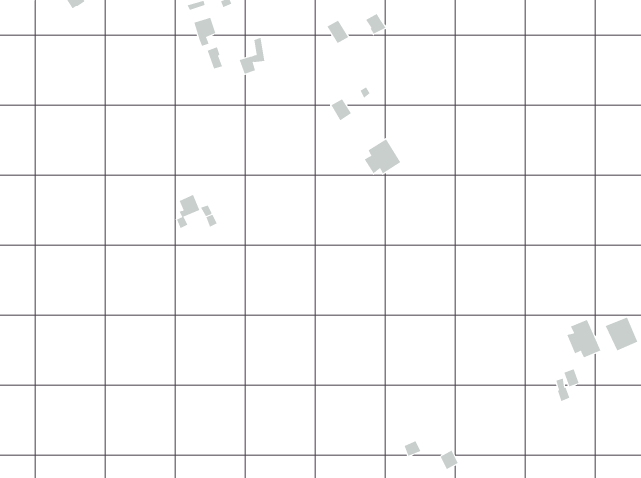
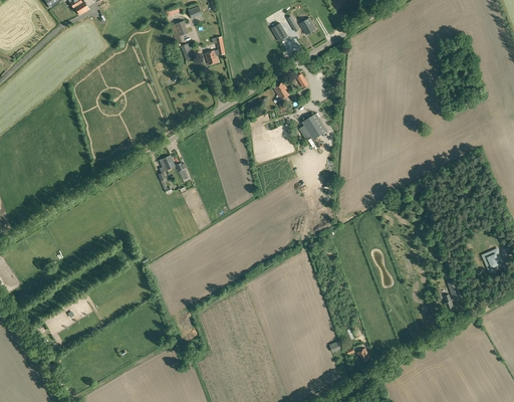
building: [566,319,601,358] -> none

